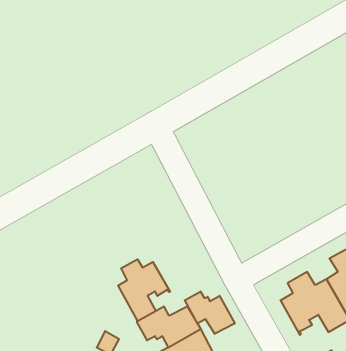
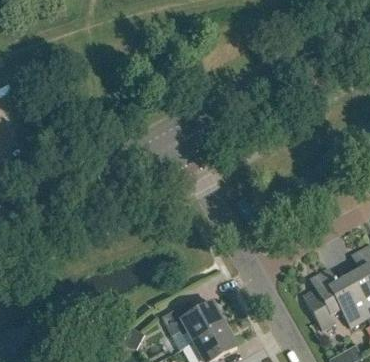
building: [118,259,170,321] -> none
building: [185,291,235,334] -> none

